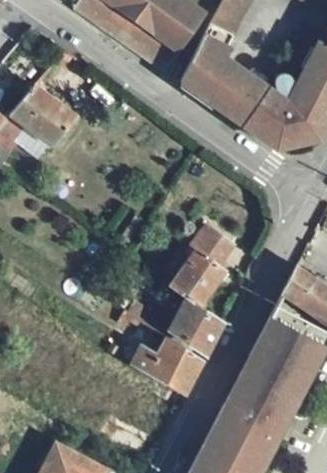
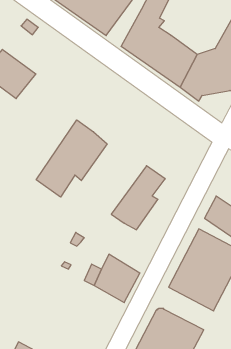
building: none -> [36,120,107,197]
building: [166,299,223,357] -> none
building: [224,377,294,429] -> none

